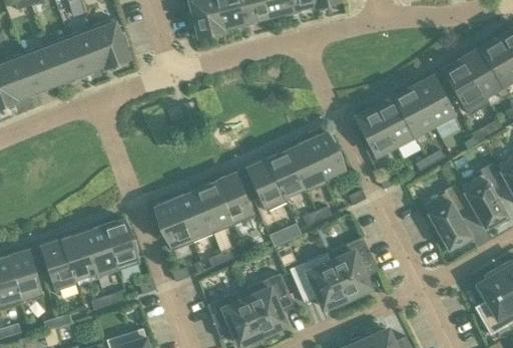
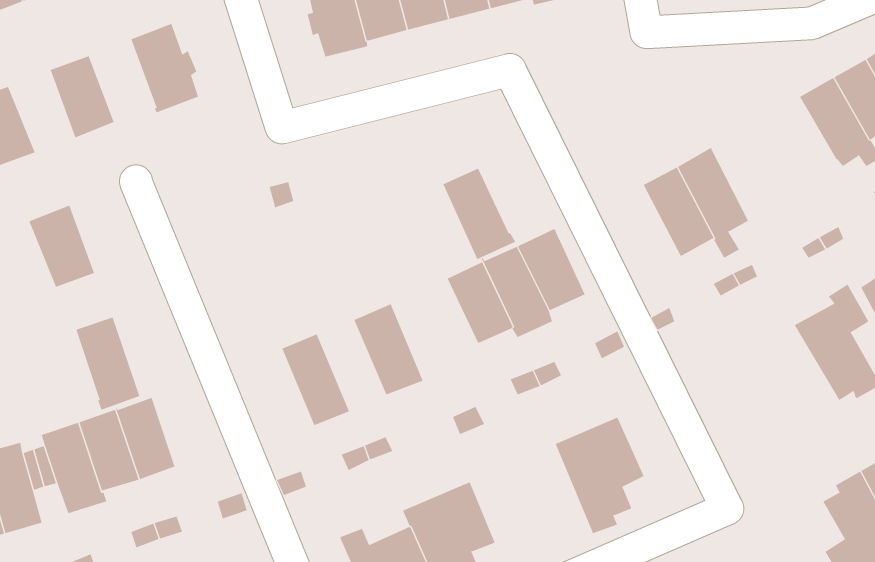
building: [68,27,105,73] -> none
building: [23,44,60,90] -> [28,205,95,288]
building: [445,59,490,115] -> none
building: [415,77,456,128] -> none
building: [357,108,398,158] -> none
building: [247,160,289,212] -> [443,168,516,260]
building: [194,184,233,235] -> none
building: [424,185,474,250] -> none
building: [155,200,193,251] -> none
building: [103,220,139,272] -> [76,317,140,410]
building: [291,253,349,310] -> none

